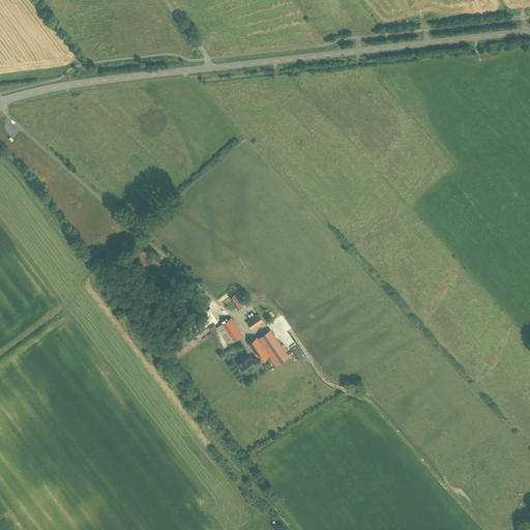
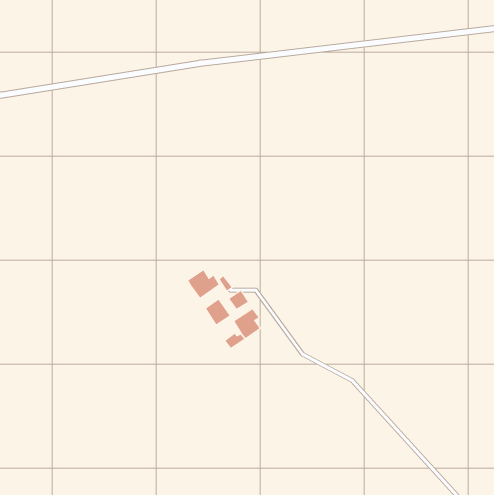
building: none -> [187,269,219,299]

